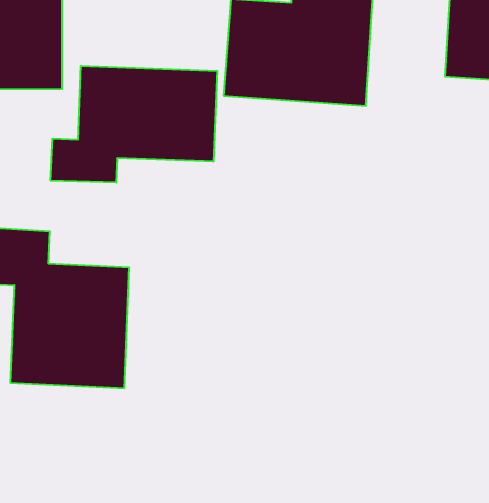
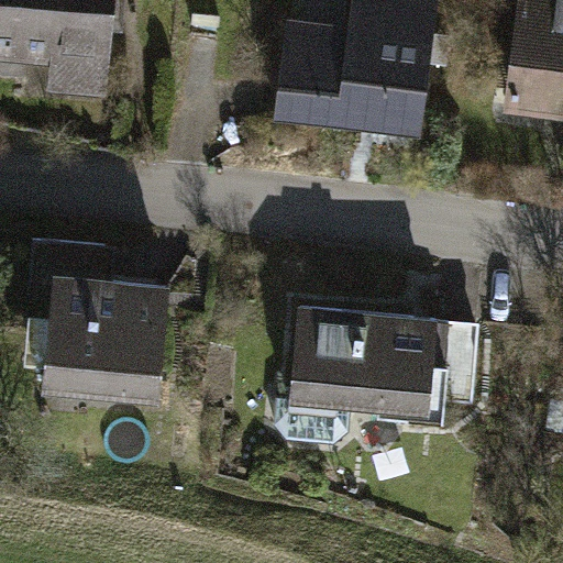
building: [51,66,217,183] -> none
building: none -> [282,305,479,449]

